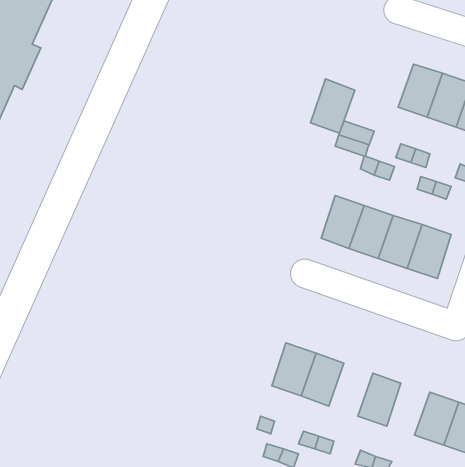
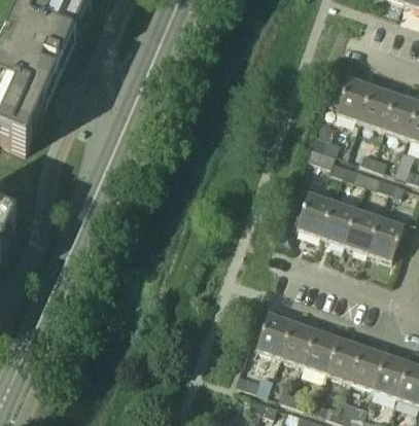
building: [311,79,355,133] -> [336,76,372,120]
building: none -> [303,329,339,372]
building: none -> [350,346,385,388]

